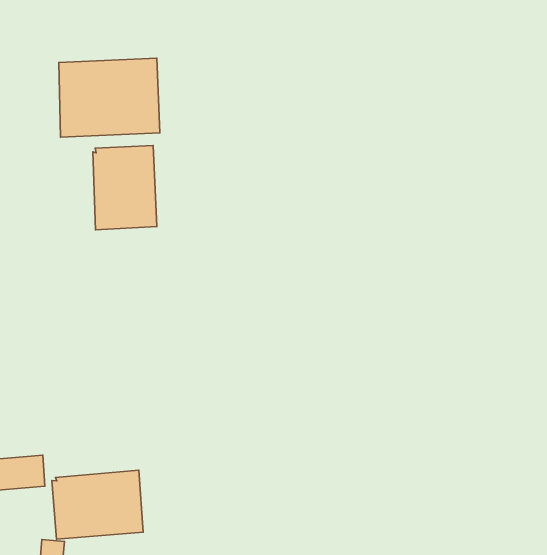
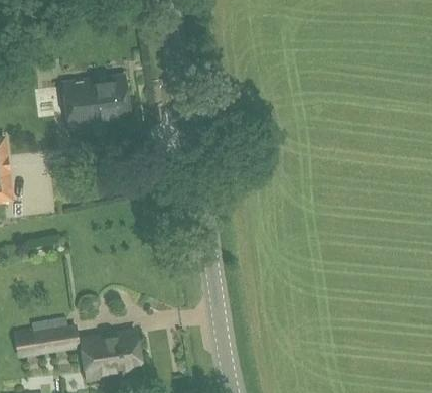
building: [93,146,157,230] -> none

